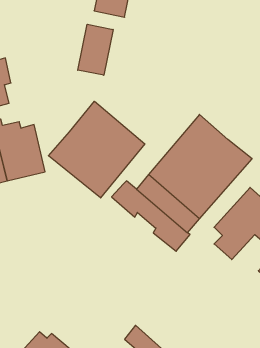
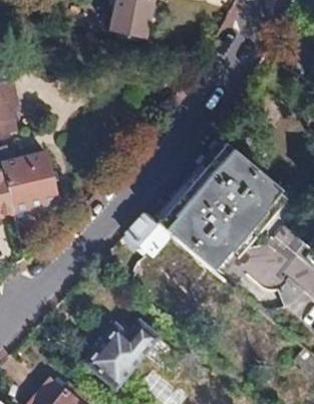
building: [78,24,113,75] -> none
building: [48,101,145,198] -> none
building: none -> [86,327,154,389]

